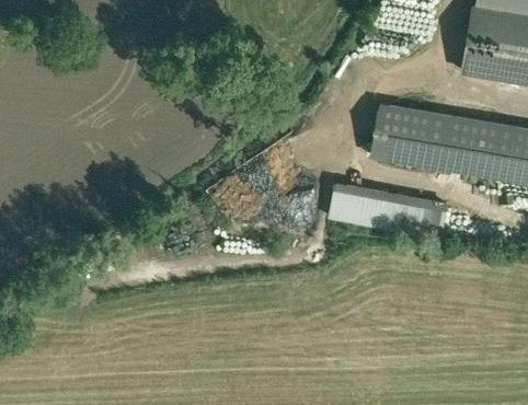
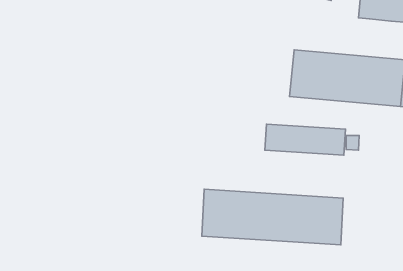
building: none -> [202,189,343,245]

